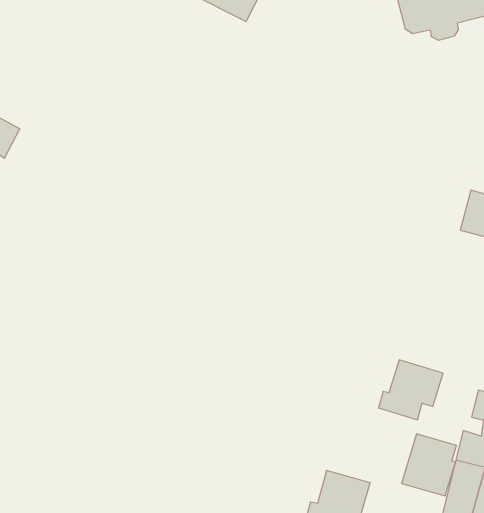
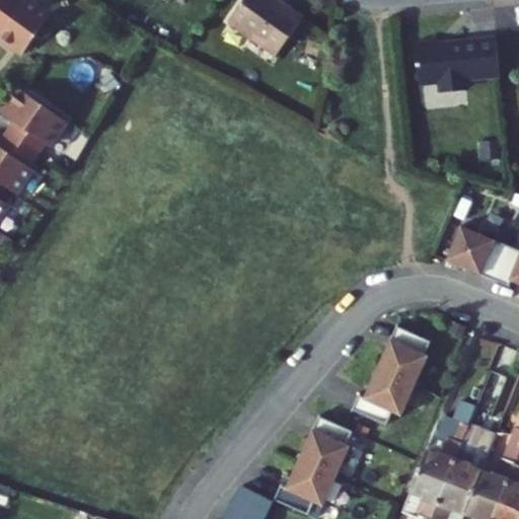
building: none -> [377,328,431,388]
building: [402,434,457,496] -> [299,419,353,477]

